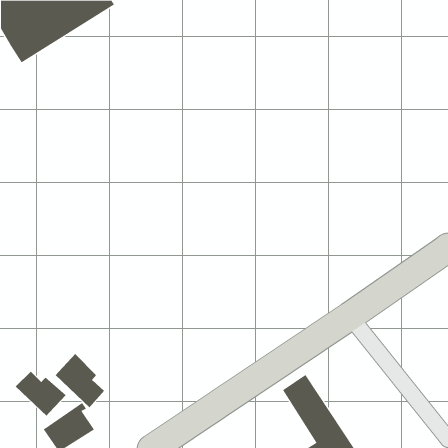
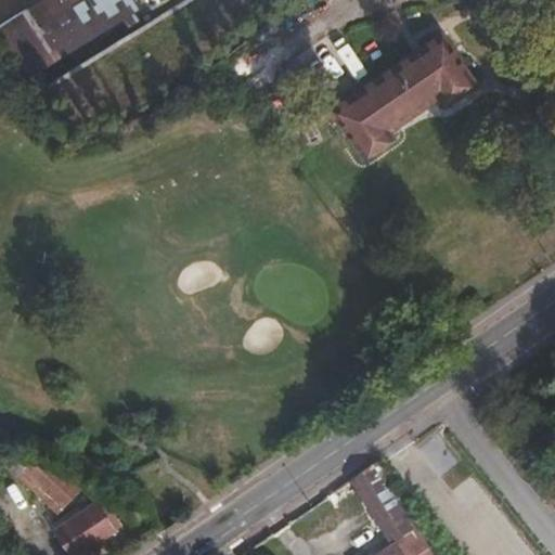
building: none -> [331,34,476,159]
building: [55,353,105,408] -> none

